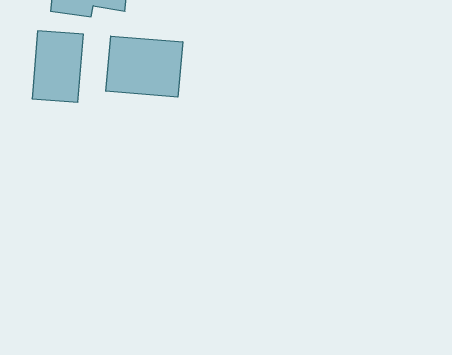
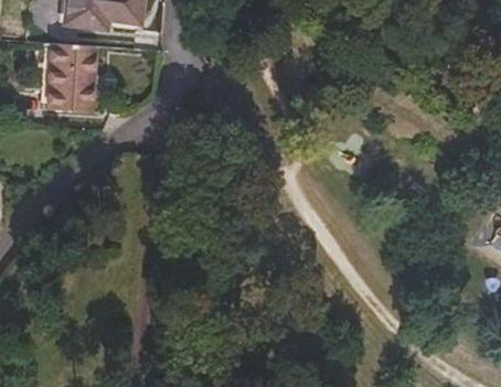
building: [106,36,183,97] -> none

